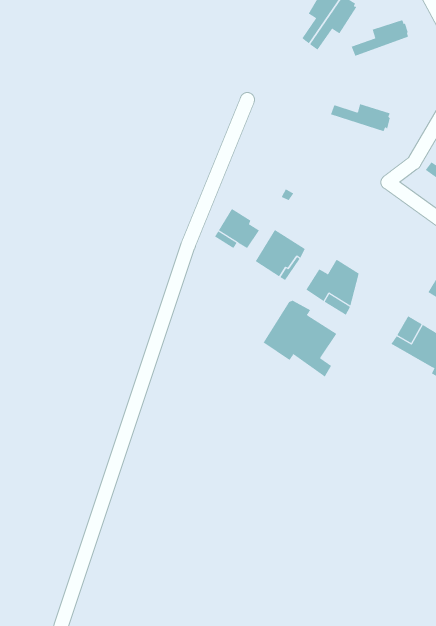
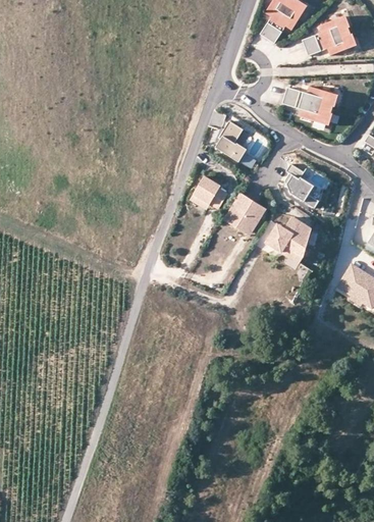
building: none -> [306,32,357,56]
building: none -> [282,96,331,125]
building: none -> [215,119,247,161]
building: none -> [284,163,319,209]
building: [263,300,337,377] -> none

